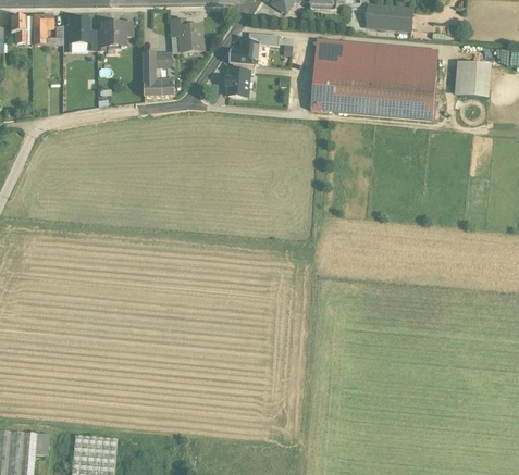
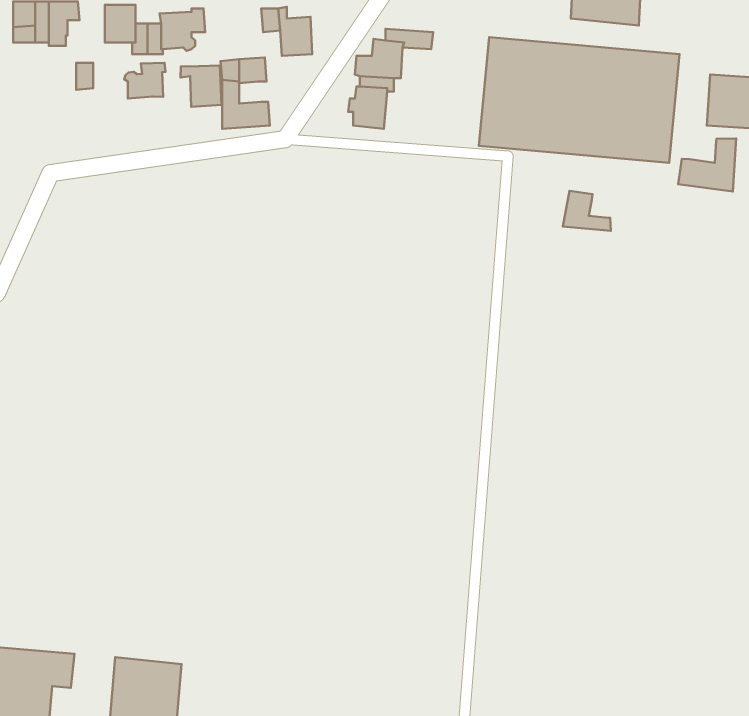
building: none -> [124,63,165,99]
building: none -> [180,66,222,107]
building: none -> [678,138,736,191]
building: none -> [563,191,611,231]

